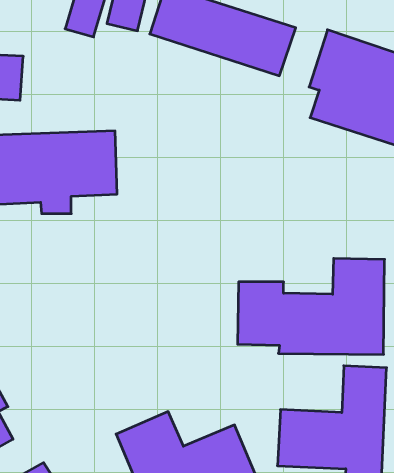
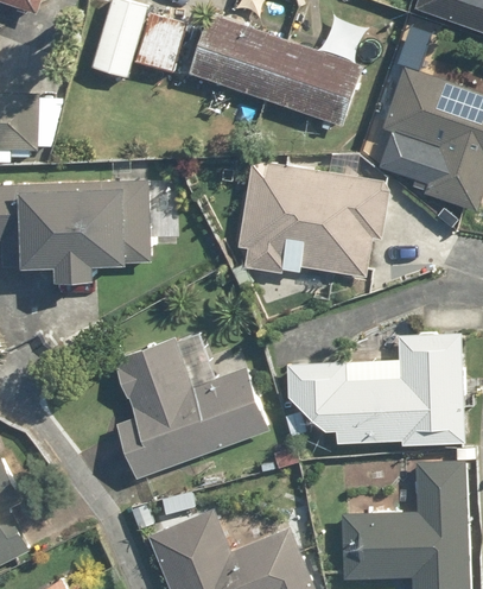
building: none -> [240,165,390,277]
building: none -> [119,341,266,476]

